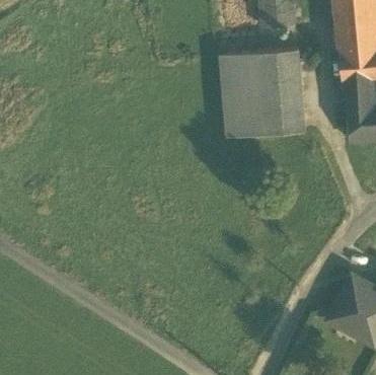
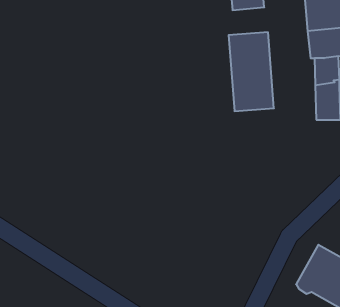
building: [220,55,262,138] -> none

